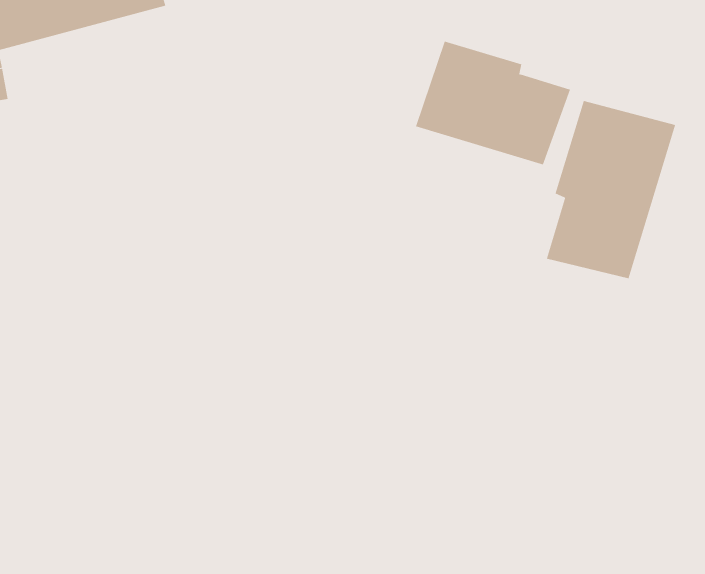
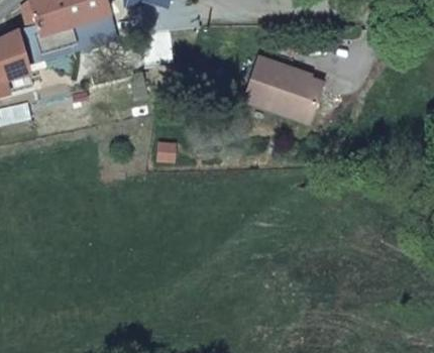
building: [546,100,676,279] -> none

